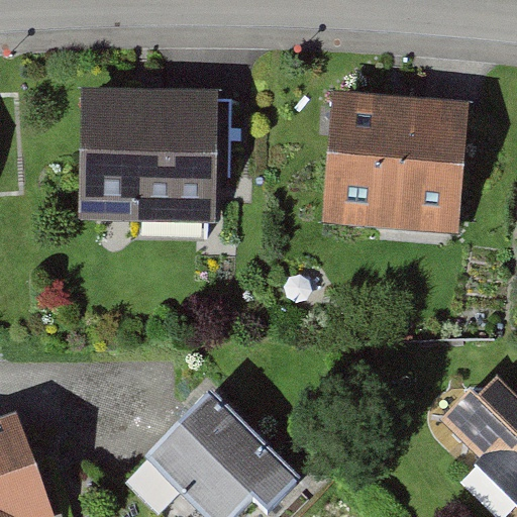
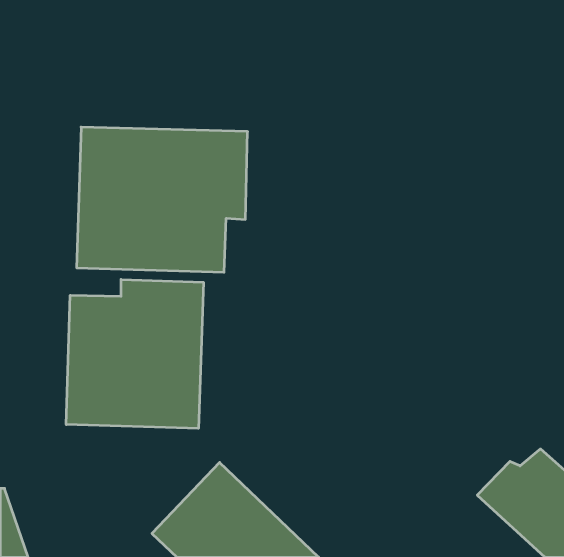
building: [317,116,468,257] -> none
building: none -> [66,279,203,428]

